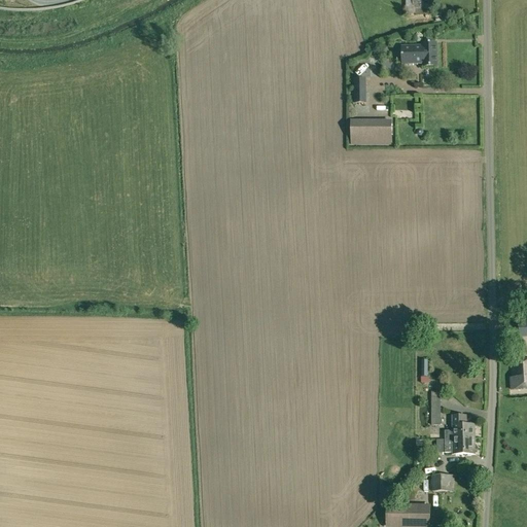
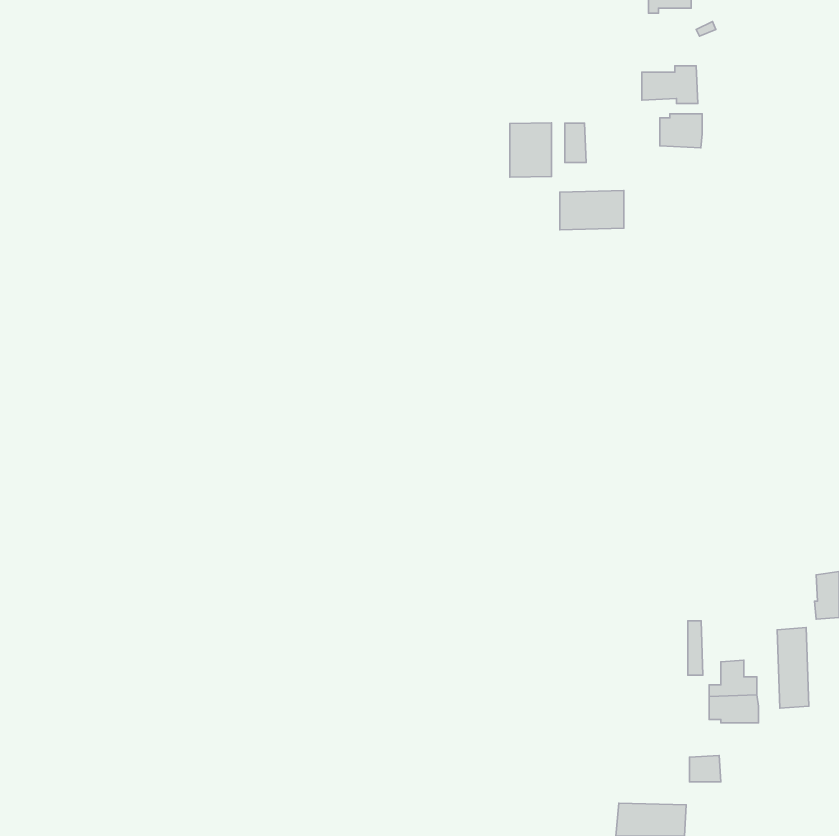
building: none -> [660,114,702,148]
building: none -> [510,123,552,177]
building: none -> [777,628,809,708]

